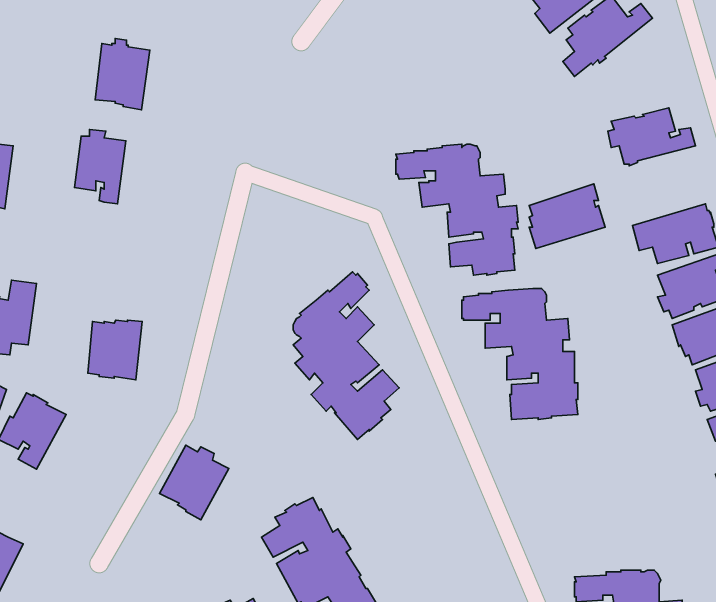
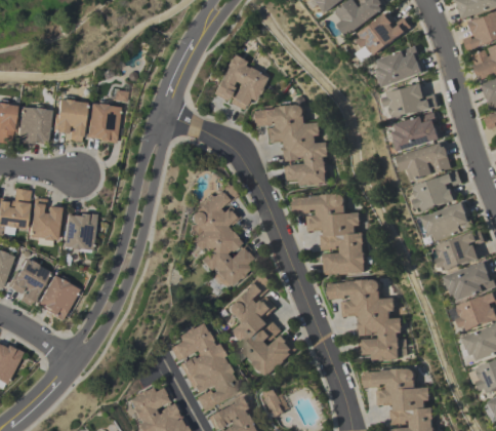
building: [95,39,150,110] -> [86,100,120,144]
building: none -> [376,45,424,86]
building: none -> [212,54,266,110]
building: none -> [15,105,49,145]
building: [529,184,605,249] -> [395,111,442,151]
building: none -> [28,198,63,246]
building: none -> [226,273,297,377]
building: none -> [327,279,402,360]
building: [159,445,229,520] -> [35,275,78,321]

